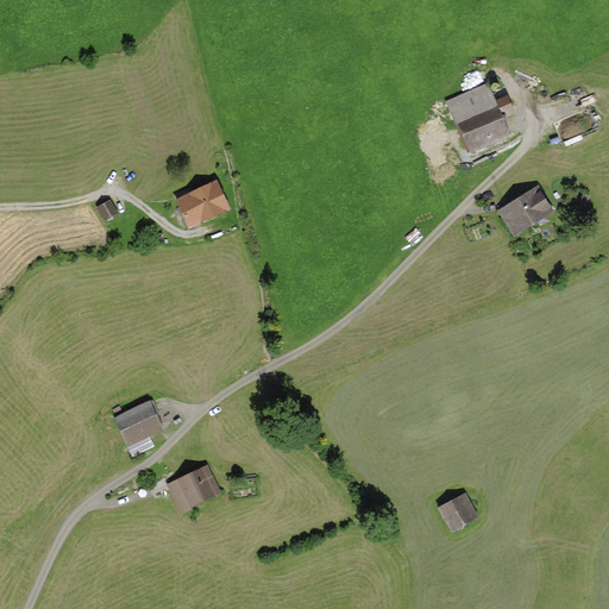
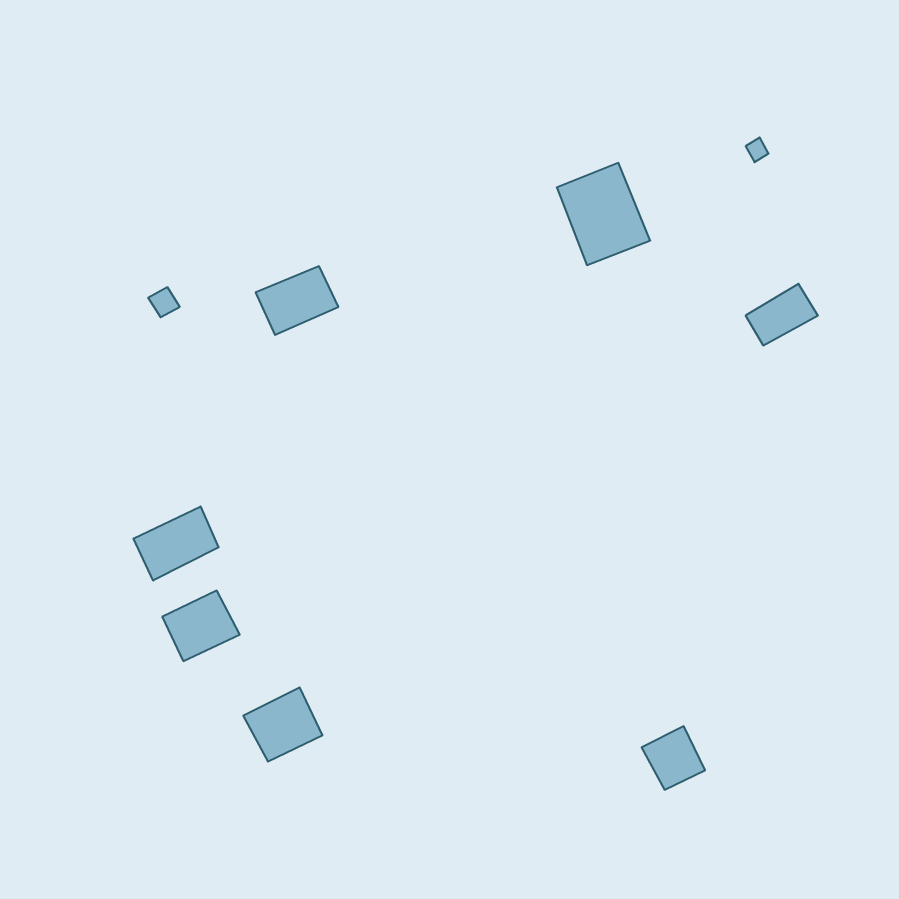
building: [446,84,509,153] -> [557,163,650,265]
building: none -> [134,506,219,581]

